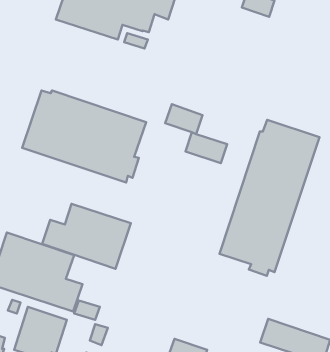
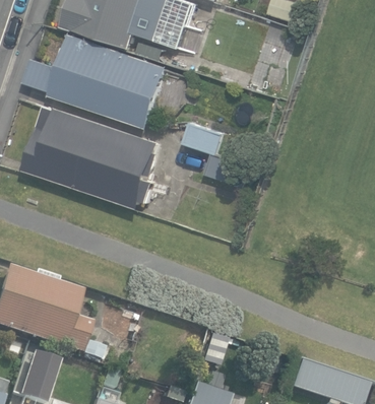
building: none -> [27,32,172,129]
building: [220,120,319,276] -> none
building: [42,204,131,269] -> none

